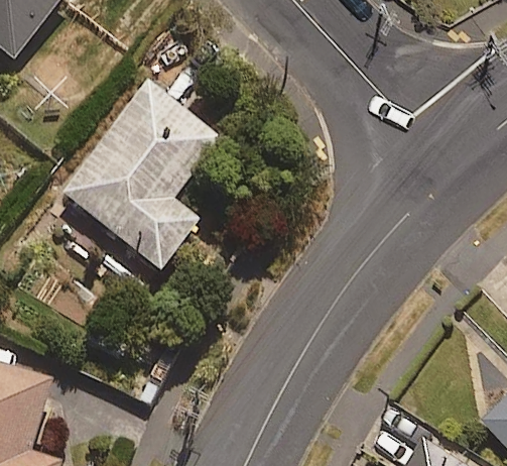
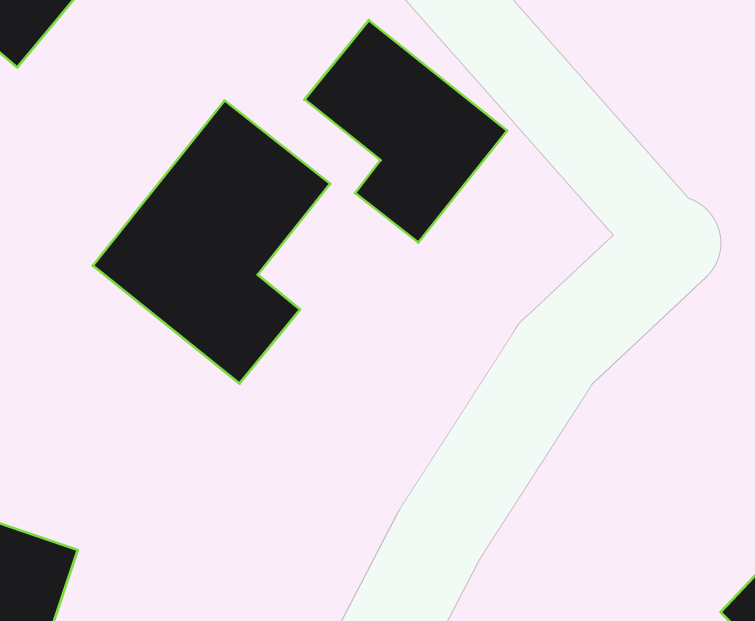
building: none -> [304,20,507,243]

